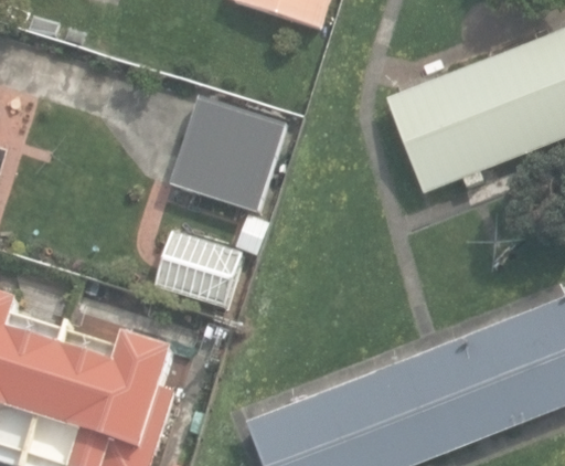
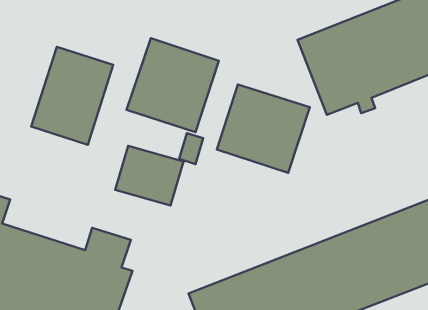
building: none -> [31,47,113,145]
building: none -> [217,84,310,173]

